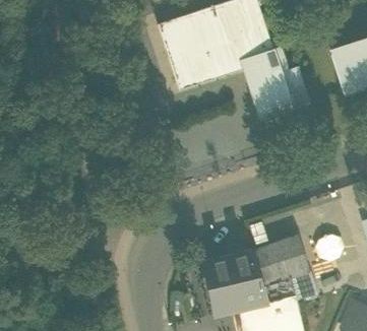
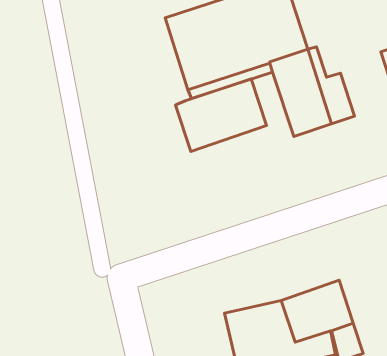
building: none -> [175,79,267,152]

